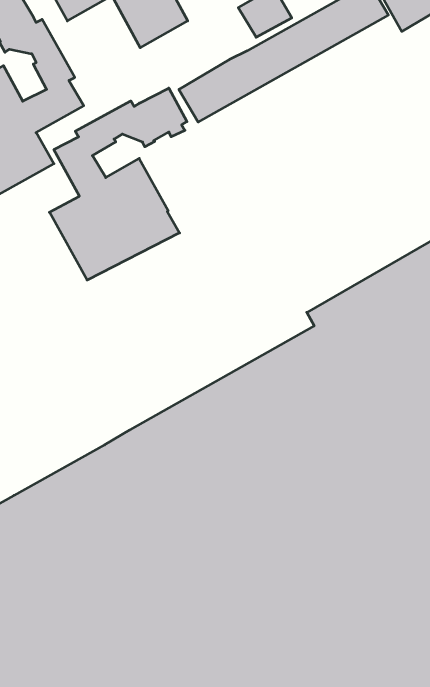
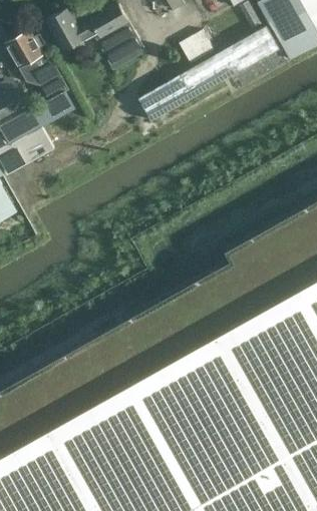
building: [49,88,187,280] -> none

